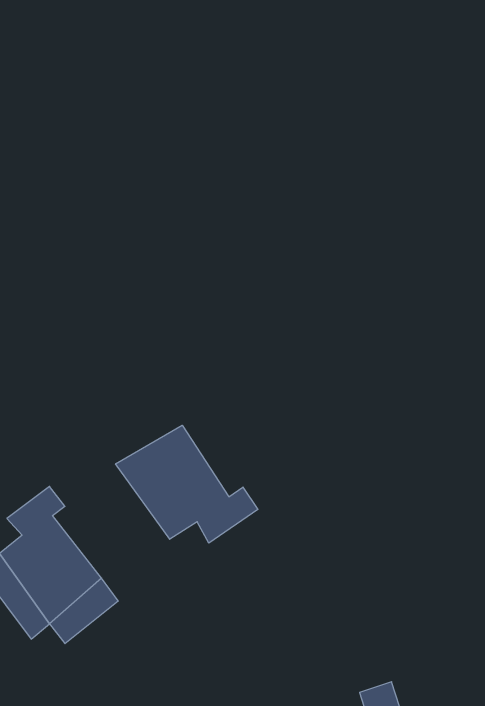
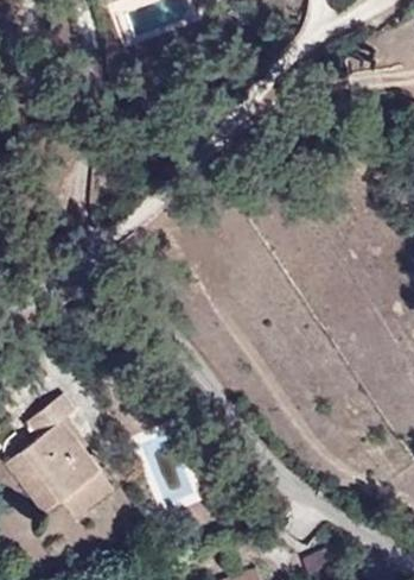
building: [116,425,258,543] -> none

